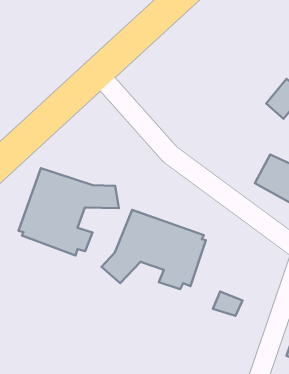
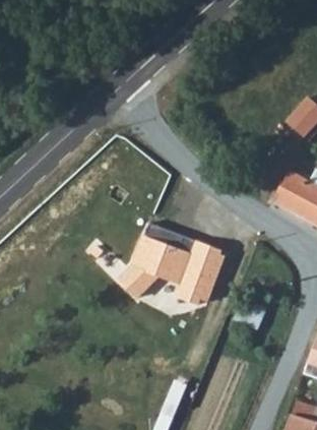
building: [18,168,119,256] -> none

